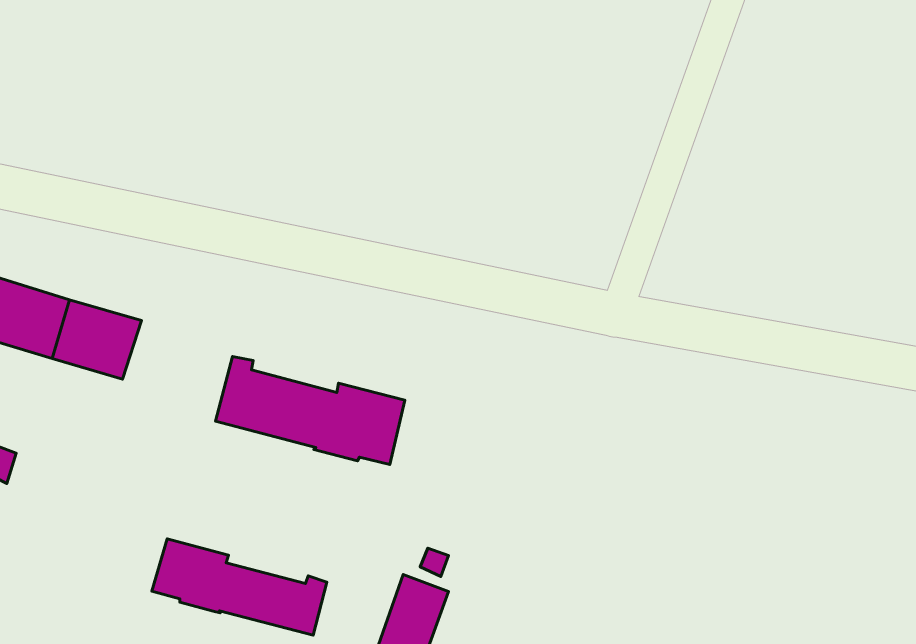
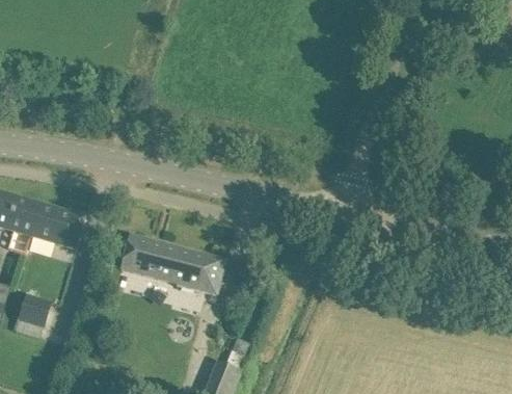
building: none -> [17,291,52,326]
building: [152,539,327,635] -> none

